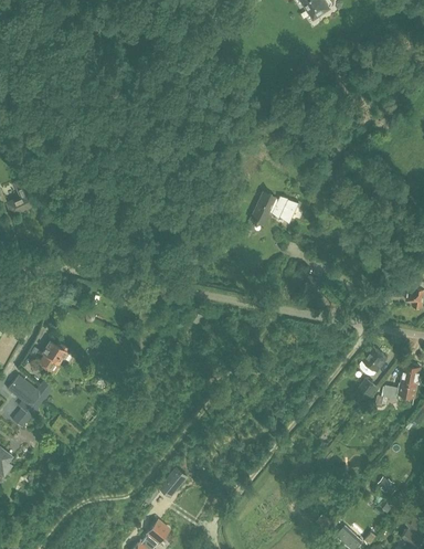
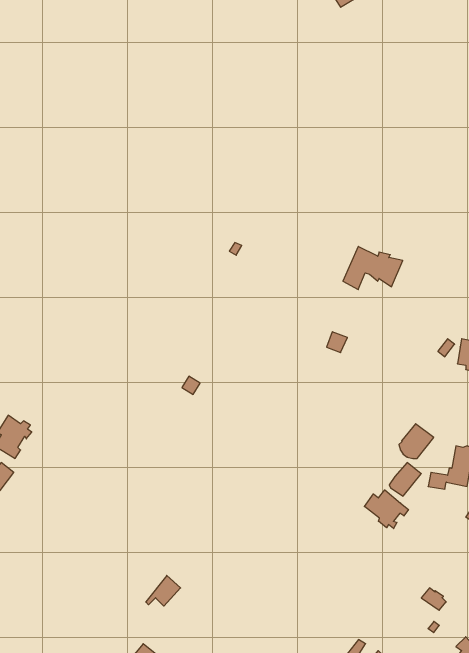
building: [250,191,297,225] -> [343,246,403,290]
building: none -> [364,490,408,529]

